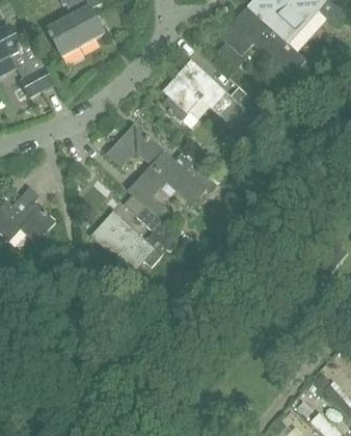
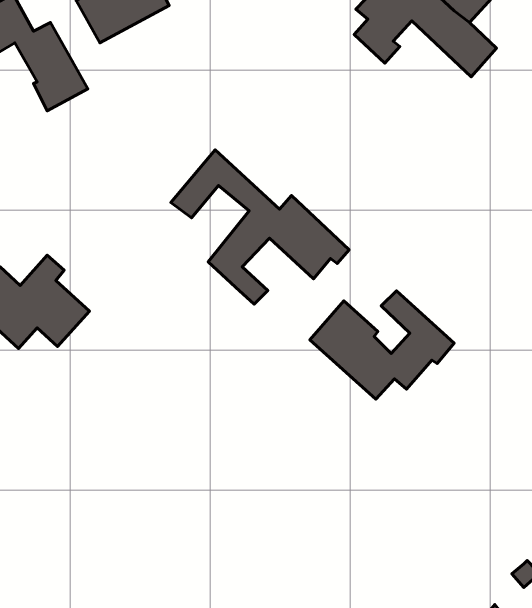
building: [163,61,265,128] -> none
building: [92,206,181,272] -> [310,291,454,399]

